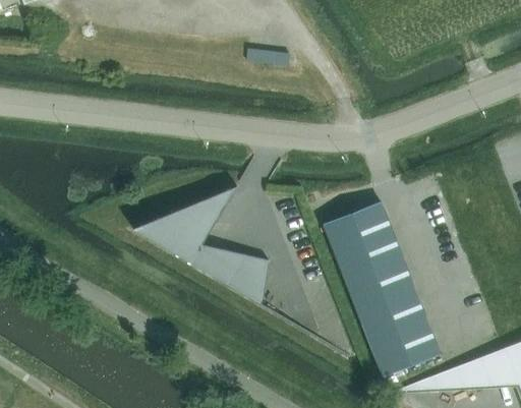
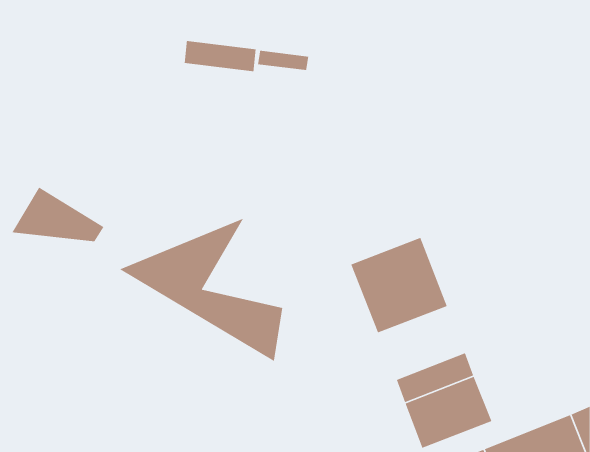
building: none -> [184,40,256,72]
building: none -> [11,187,104,242]
building: [345,259,417,319] -> none

